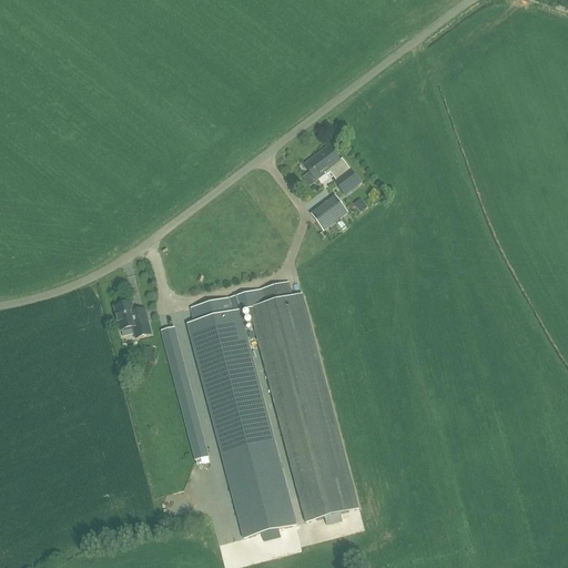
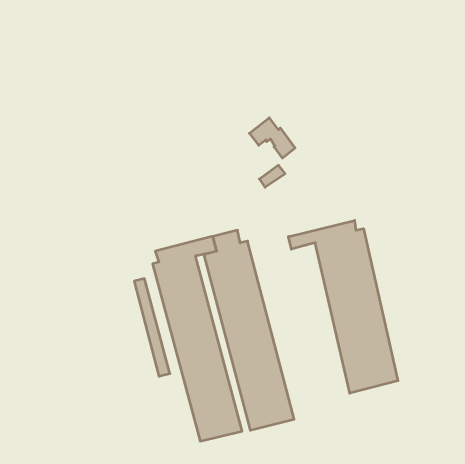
building: none -> [288,220,398,393]
building: [113,301,150,336] -> none

